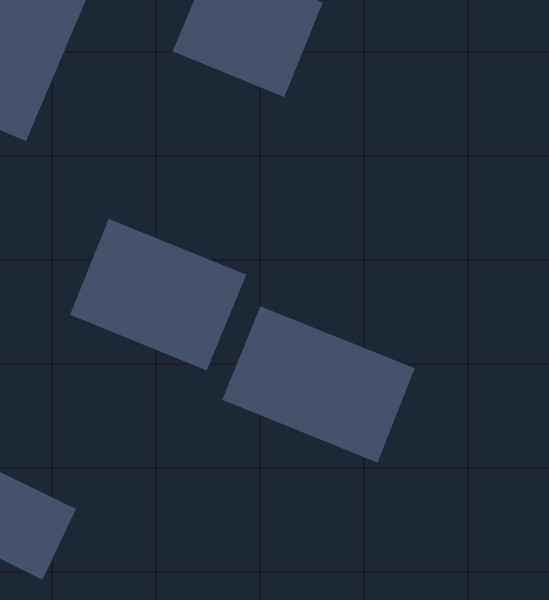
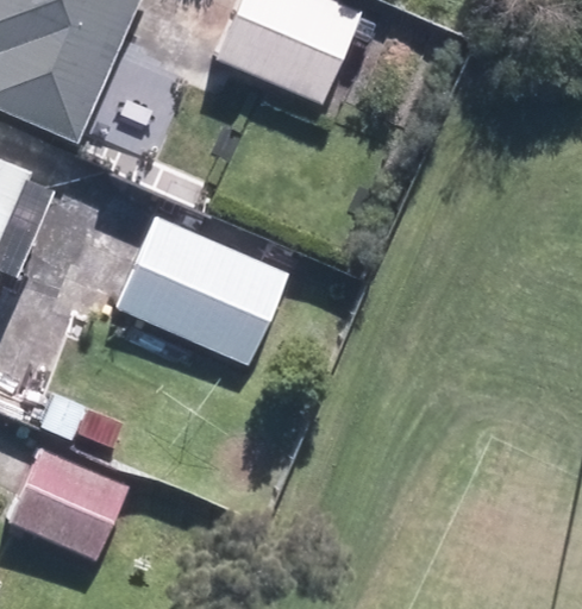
building: [222,305,416,464] -> none

